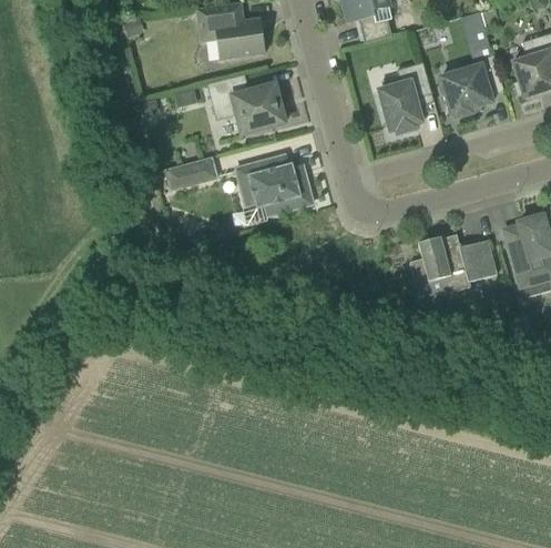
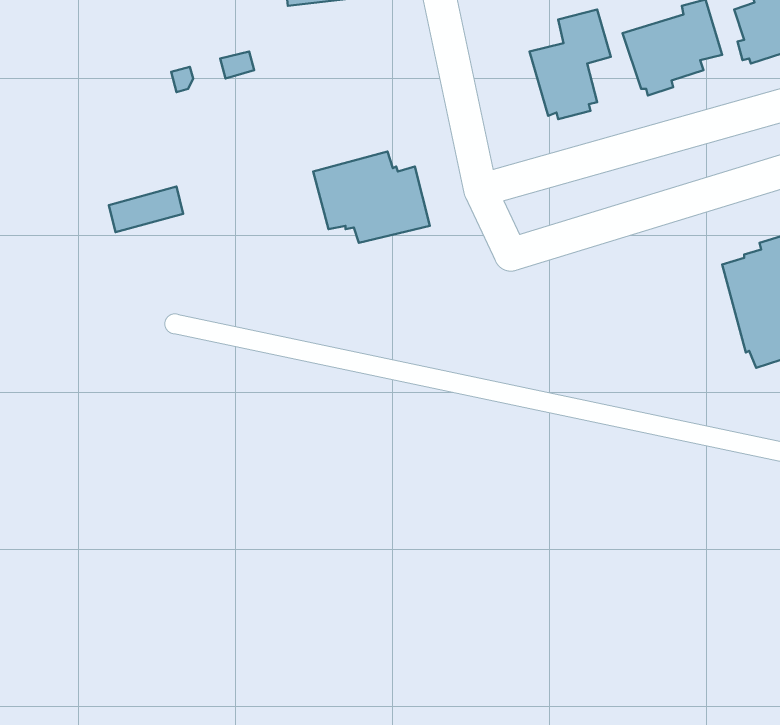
building: [206,74,285,134] -> none
building: [166,159,215,189] -> [109,187,183,232]
building: [409,234,497,293] -> none

